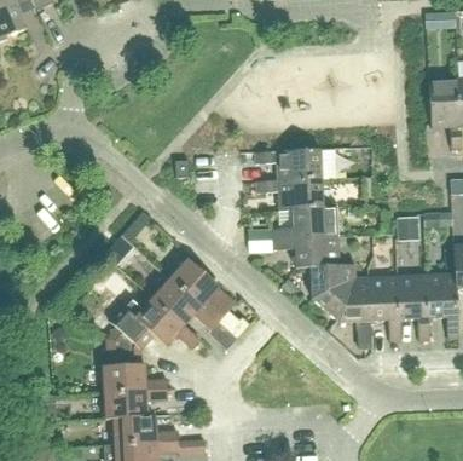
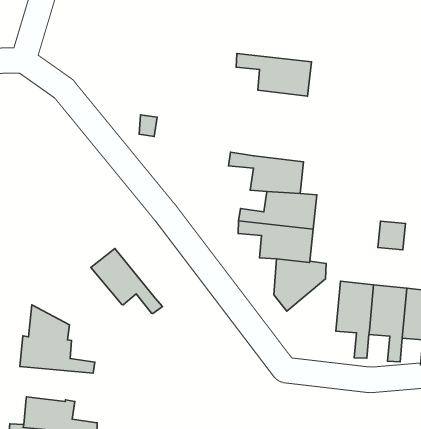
building: [255,149,322,180] -> [236,53,311,96]
building: [170,259,250,339] -> none
building: [326,277,372,347] -> none
building: [106,298,201,350] -> none
building: [104,388,168,419] -> none

